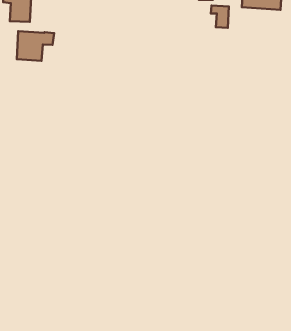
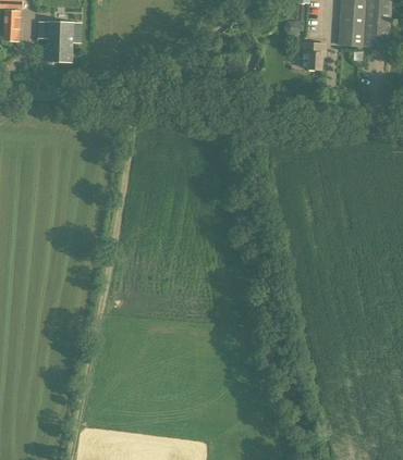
building: [17,31,54,61] -> none

